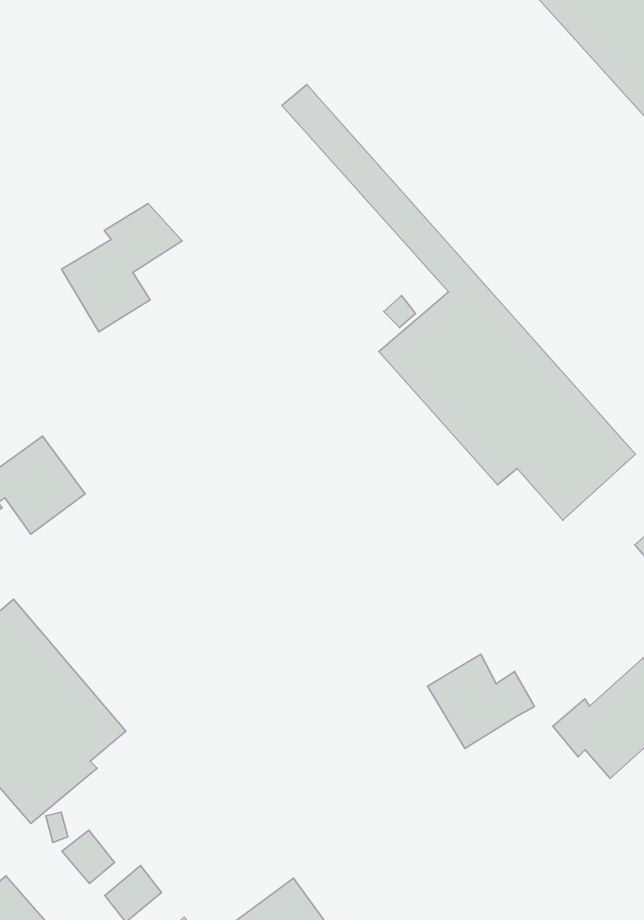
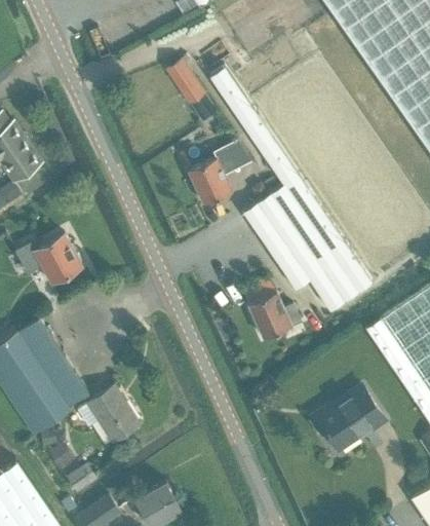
building: none -> [166,59,204,104]
building: [62,204,182,332] -> [189,142,253,205]
building: [428,654,534,749] -> [248,292,303,340]
building: none -> [78,385,141,442]

